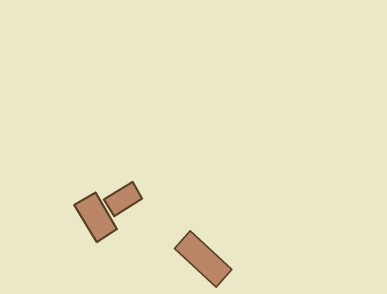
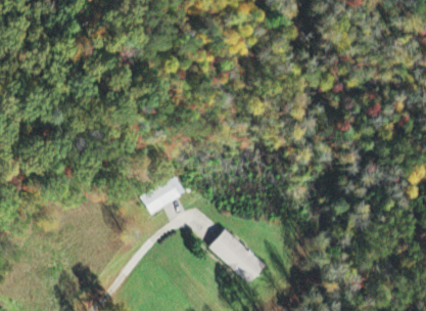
building: [74,192,117,242] -> none

